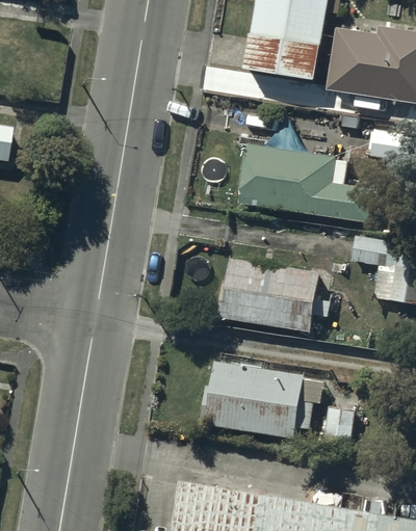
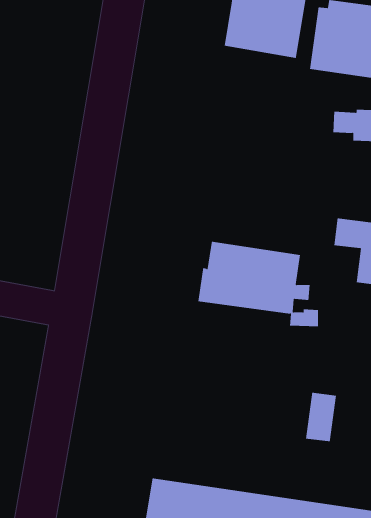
building: [239,144,375,220] -> none
building: [202,361,324,437] -> none

